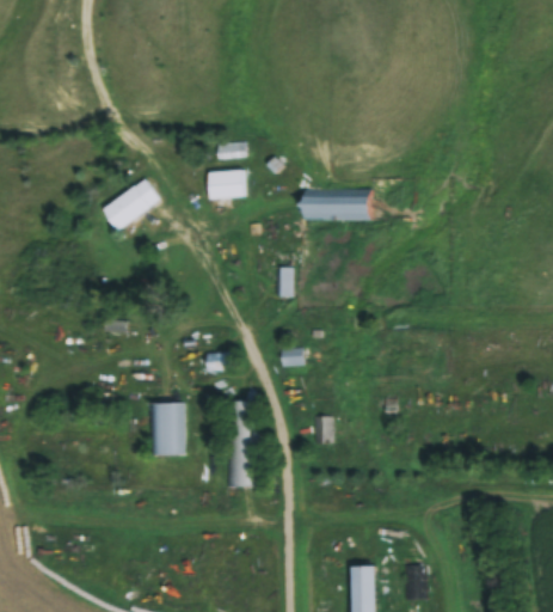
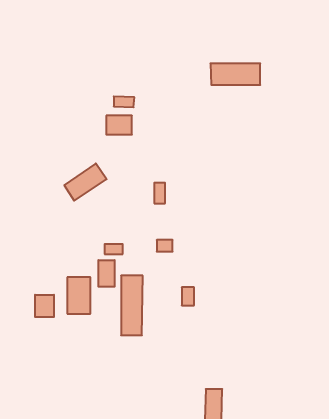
building: [102,178,162,232] -> [64,163,107,201]
building: [299,189,370,220] -> [210,63,260,85]
building: none -> [98,260,115,287]
building: none -> [35,295,54,317]

